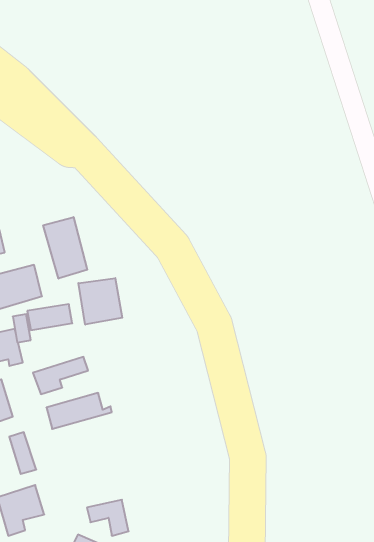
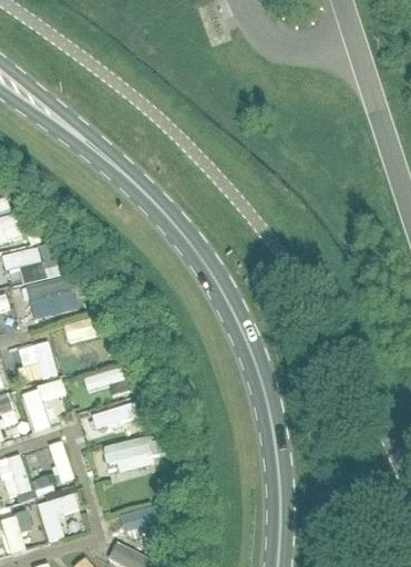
building: [43,217,87,279] -> none
building: [78,278,122,325] -> none
building: none -> [101,431,162,475]

